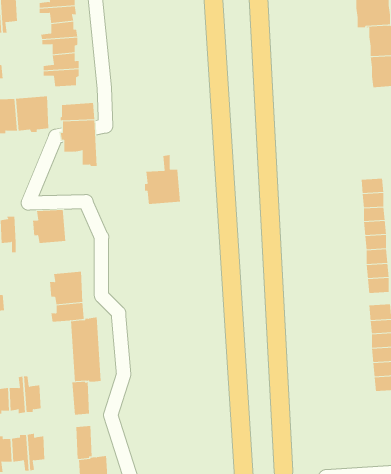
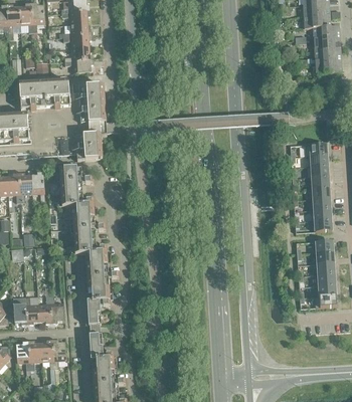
building: [144,155,181,204] -> [74,121,103,159]
building: none -> [57,190,95,215]

